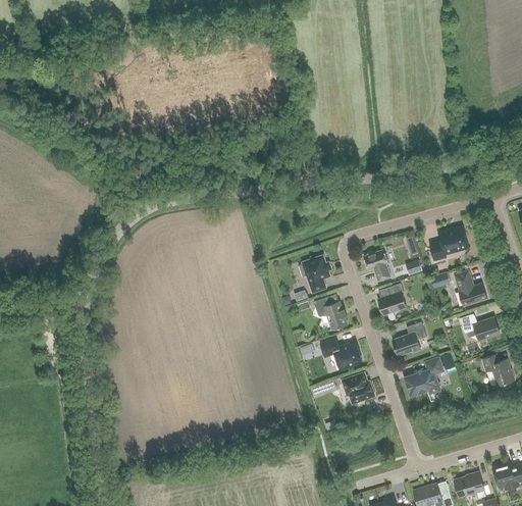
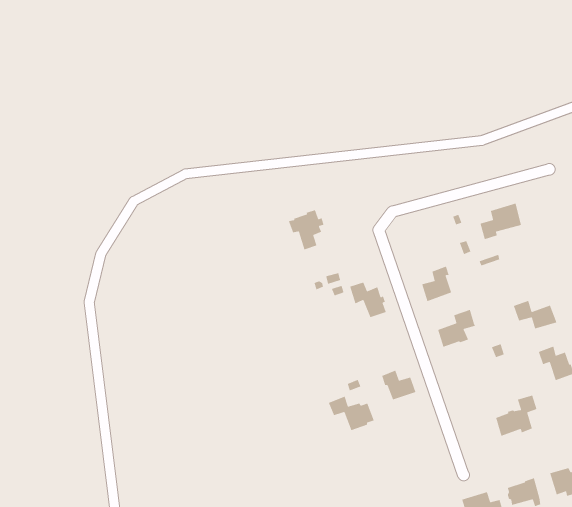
building: [364,249,390,282] -> none
building: [299,255,331,292] -> [288,209,325,250]
building: [455,270,487,305] -> none
building: [320,338,362,369] -> [328,396,375,431]
building: [406,357,443,395] -> [495,394,537,437]

